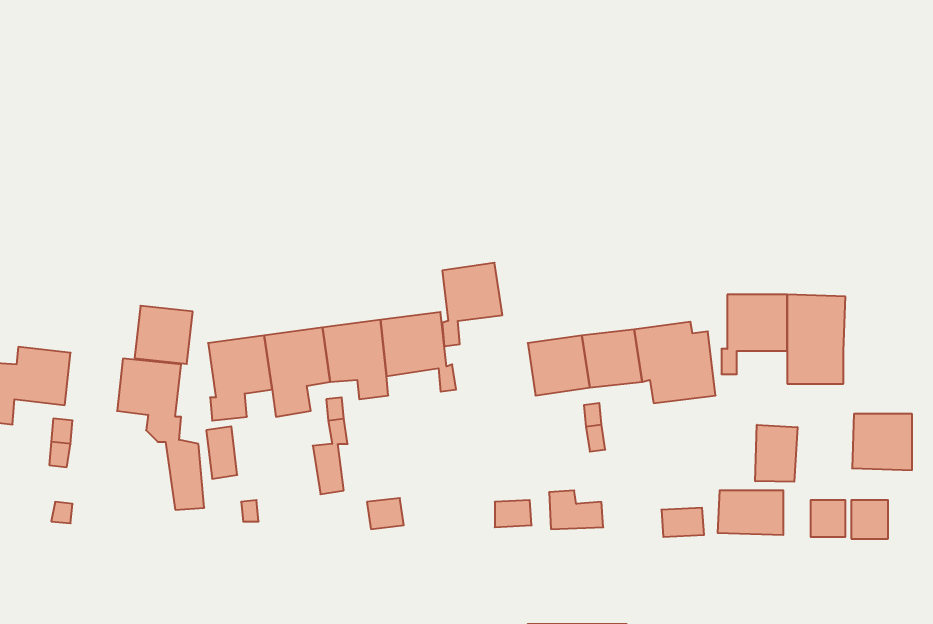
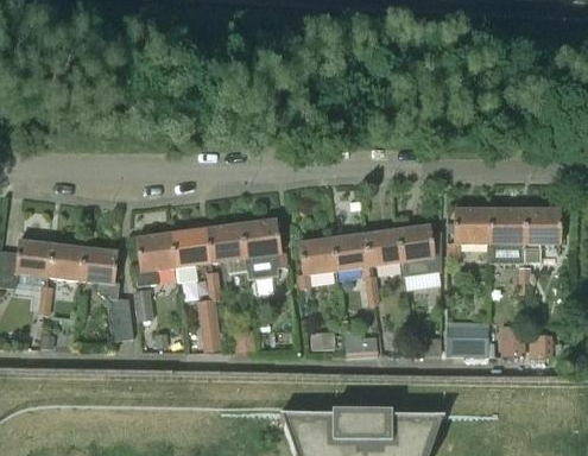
building: [442,263,502,346] -> [299,238,336,289]
building: [135,306,193,364] -> [48,243,83,279]
building: [852,414,912,470] -> [525,209,562,243]
building: [755,425,797,482] -> none

